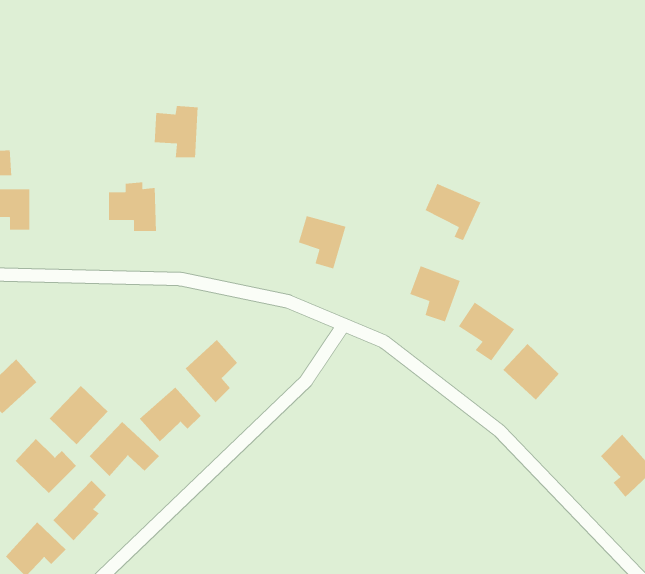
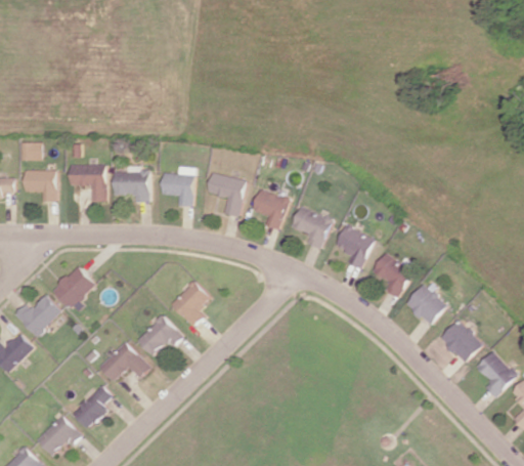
building: [154,105,199,158] -> [162,167,194,206]
building: none -> [70,164,105,201]
building: [424,183,482,241] -> [291,206,333,249]
building: none -> [207,172,246,216]
building: [49,385,109,445] -> [52,265,96,309]
building: none -> [438,320,481,364]
building: [15,438,77,494] -> none

